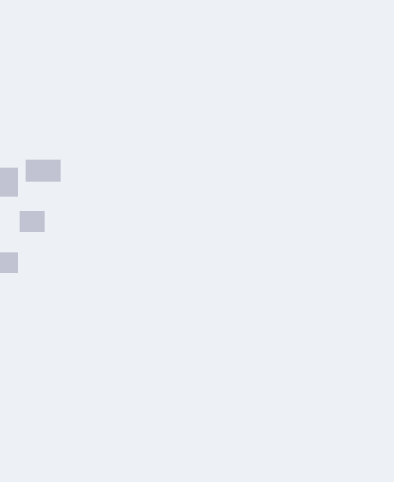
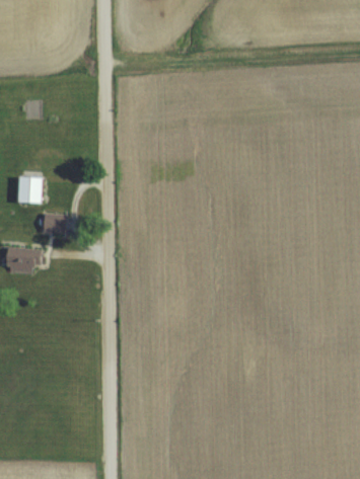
building: [25,159,61,182] -> none

